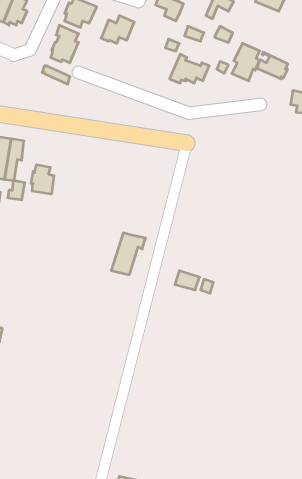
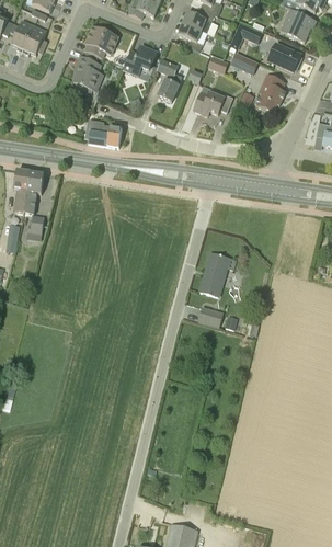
building: none -> [157,58,182,101]
building: [257,52,288,79] -> [268,43,300,70]
building: none -> [88,124,123,147]
building: [31,165,54,194] -> none
building: [111,233,146,275] -> [199,252,234,295]

